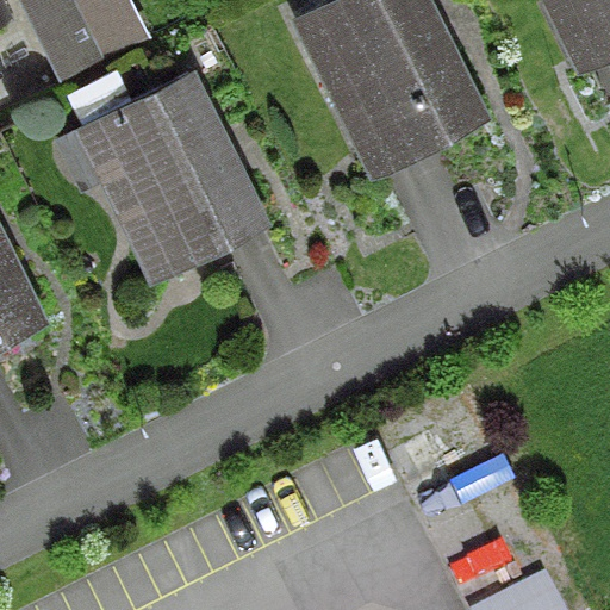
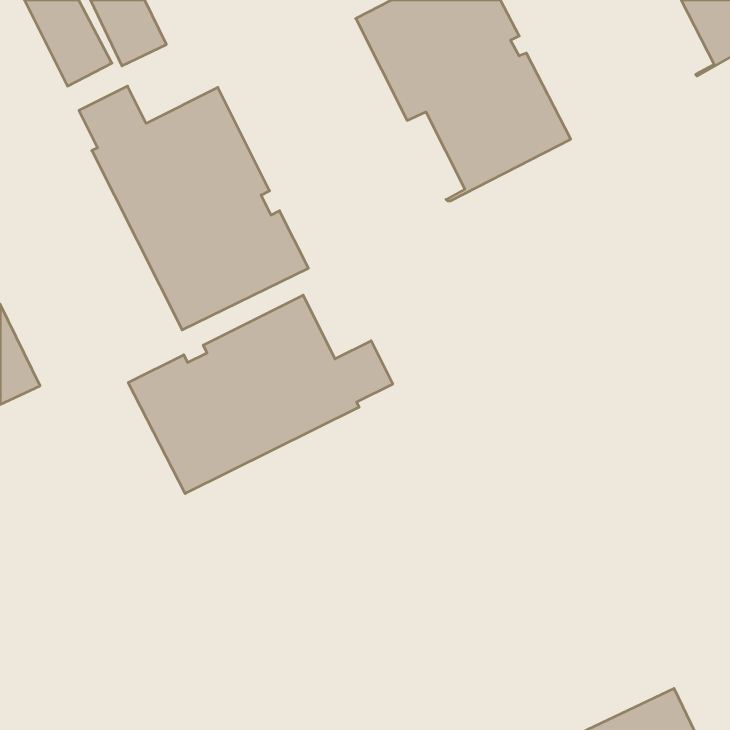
building: none -> [128,295,393,494]

